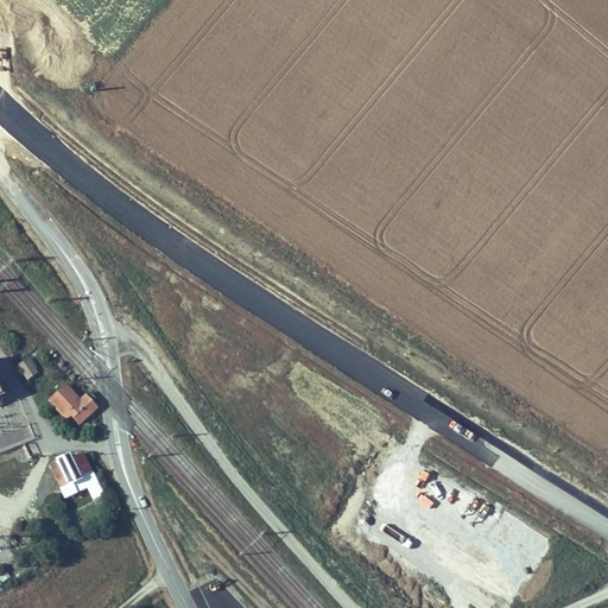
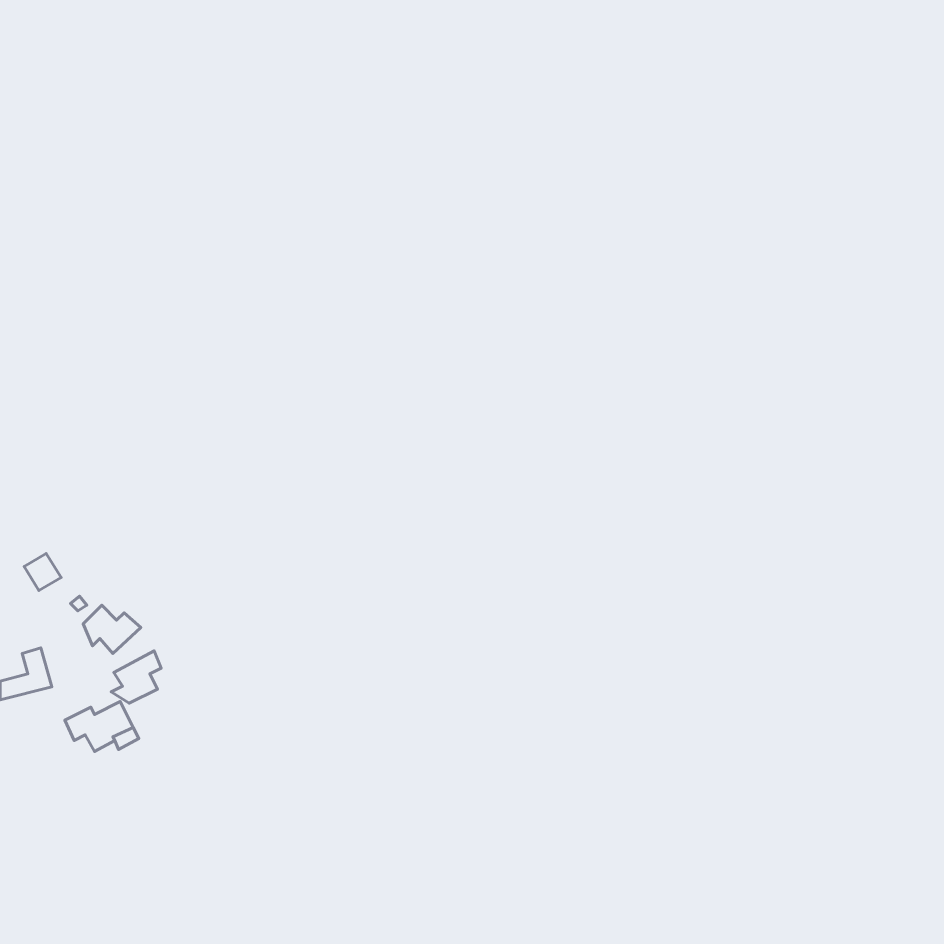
building: none -> [111,651,161,703]

